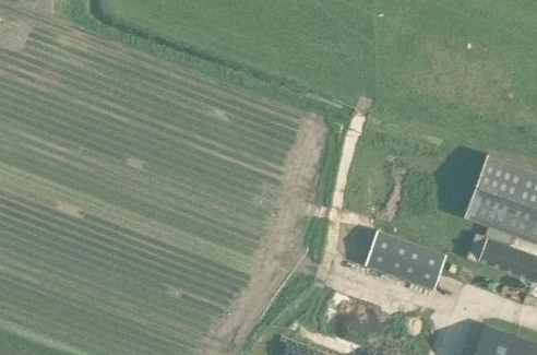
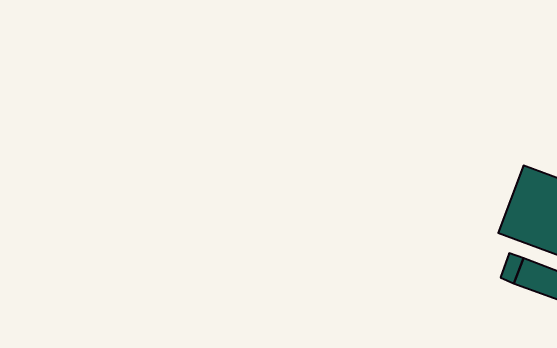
building: [367,232,445,288] -> none

